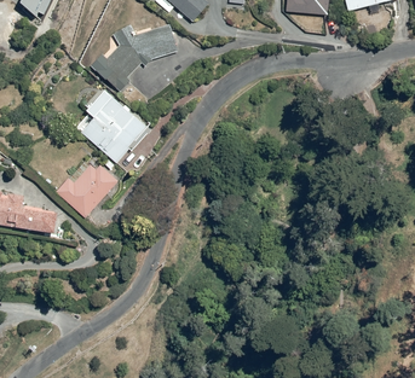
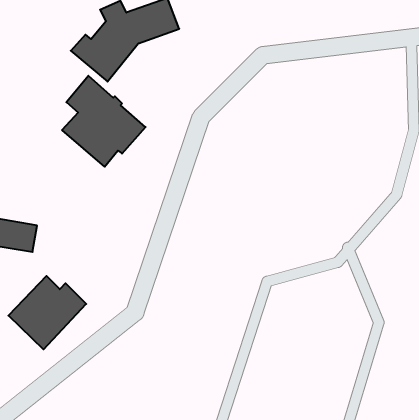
building: [53,158,117,219] -> [8,276,86,349]

